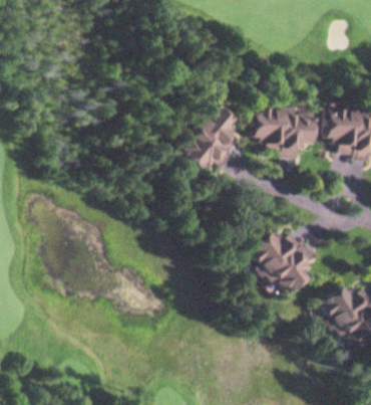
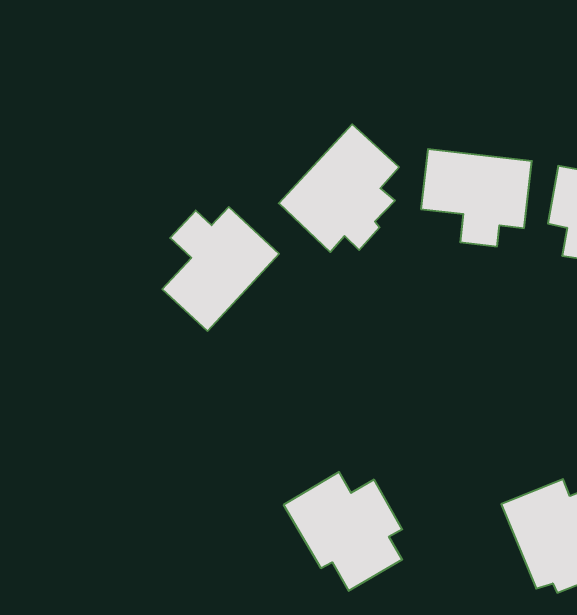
building: none -> [162,207,279,331]
building: [248,228,318,294] -> [284,472,402,591]

